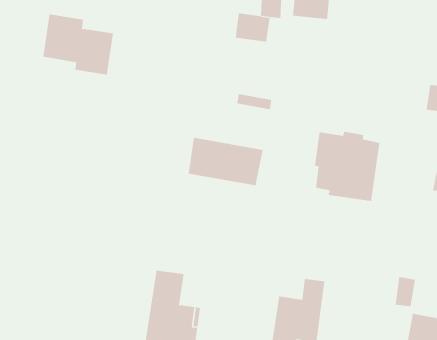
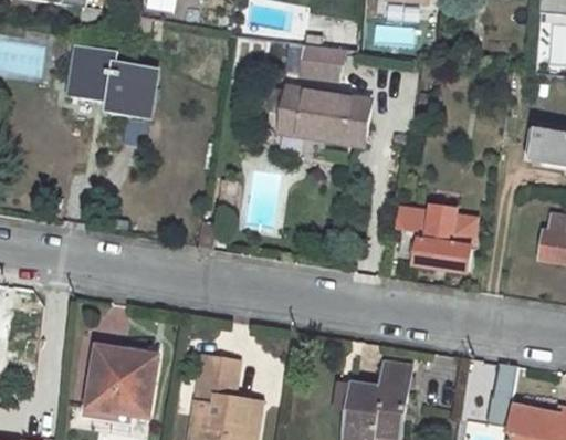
building: [188,137,264,186] -> [280,86,371,145]
building: none -> [87,347,156,417]

